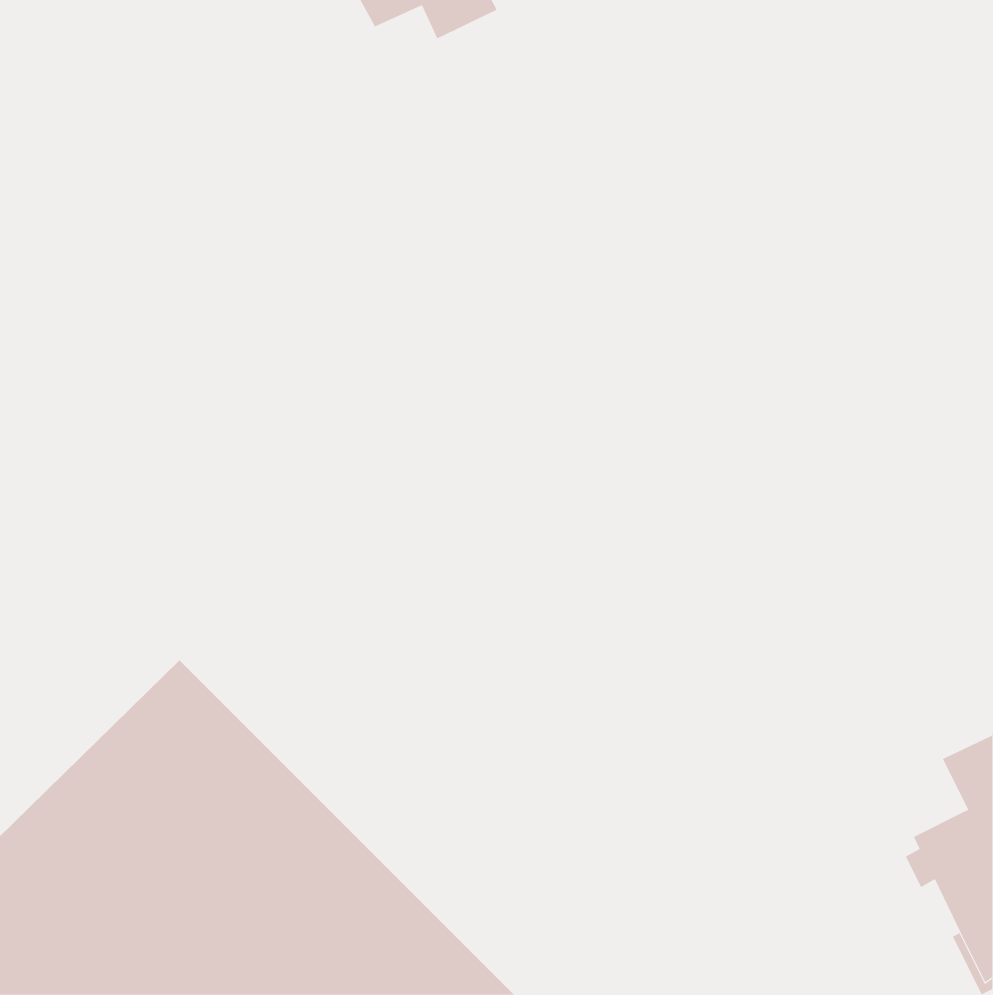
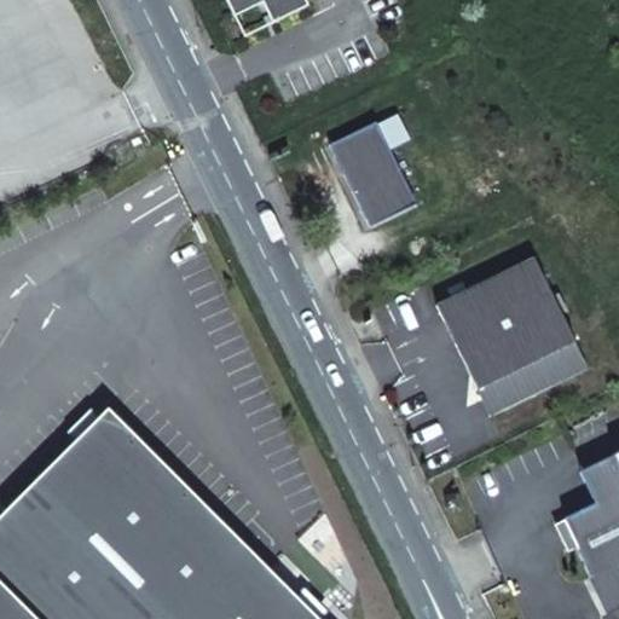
building: none -> [328,123,413,228]
building: none -> [435,260,586,418]

